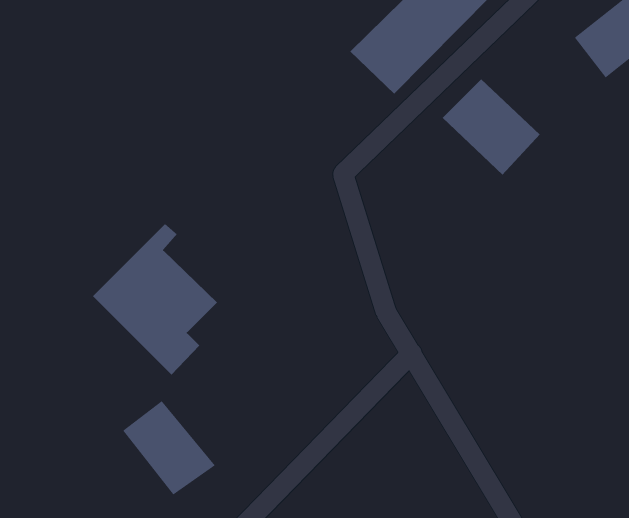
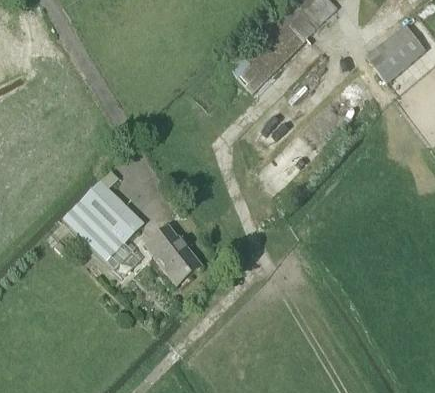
building: [442,78,540,176] -> none
building: [122,400,216,496] -> [143,225,202,285]

